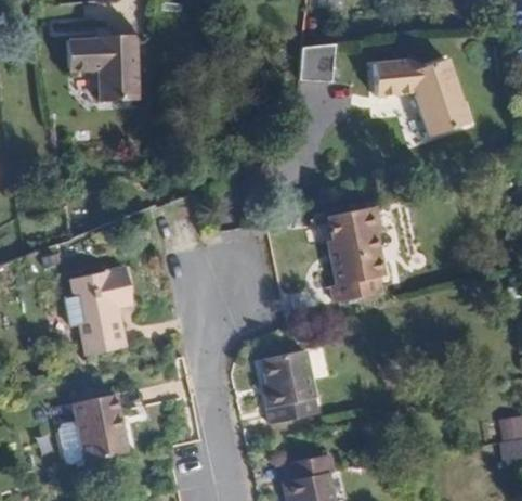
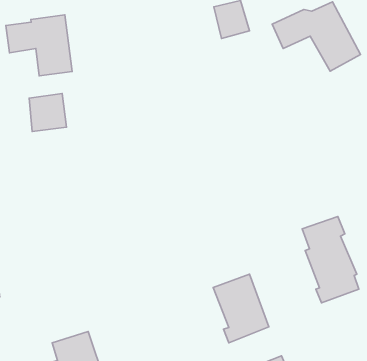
building: none -> [29,93,67,131]
building: [329,208,384,304] -> [302,216,359,303]
building: [71,266,131,354] -> none

